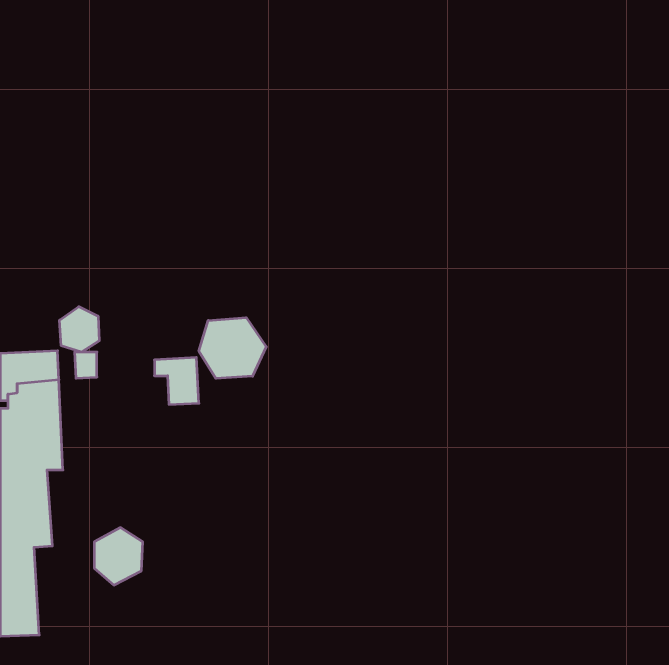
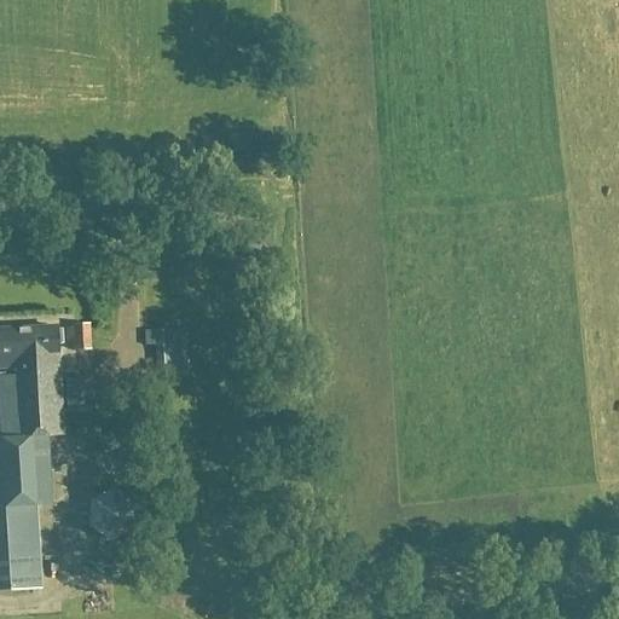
building: [60,307,99,352] -> none
building: [199,318,266,378] -> none

